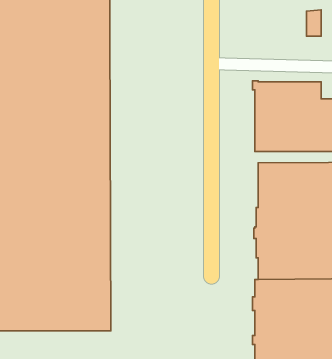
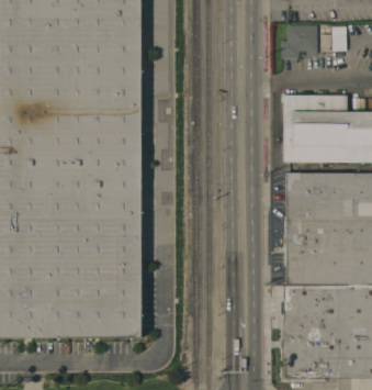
building: none -> [280,24,316,58]

